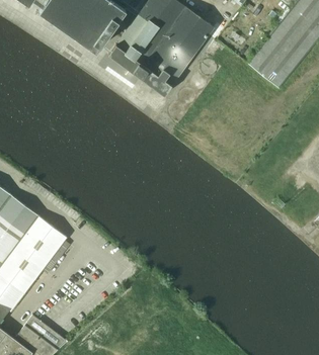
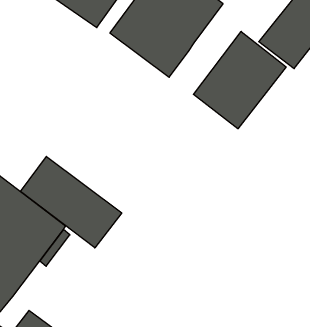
building: none -> [193,31,286,129]
building: none -> [20,156,122,248]

